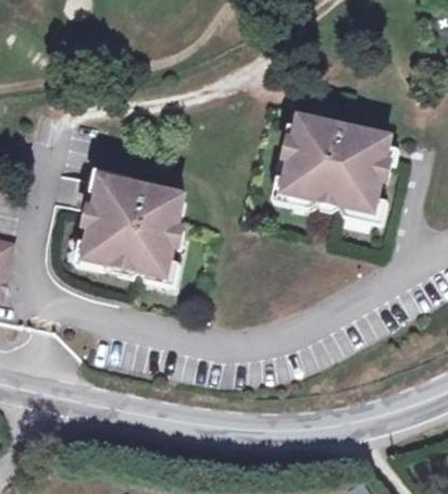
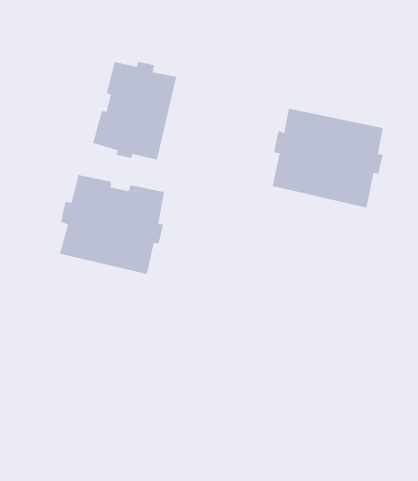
building: none -> [93,61,177,161]

